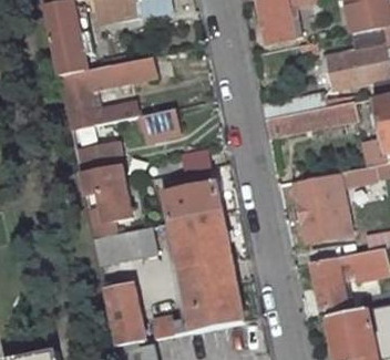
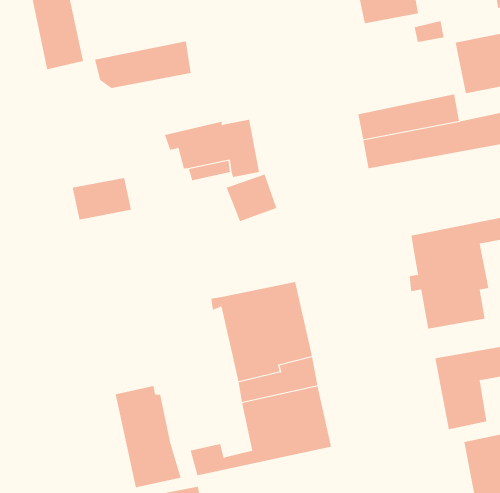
building: [59,70,126,131] -> none
building: [80,165,130,223] -> none
building: [163,169,220,223] -> none
building: [93,227,155,264] -> none

